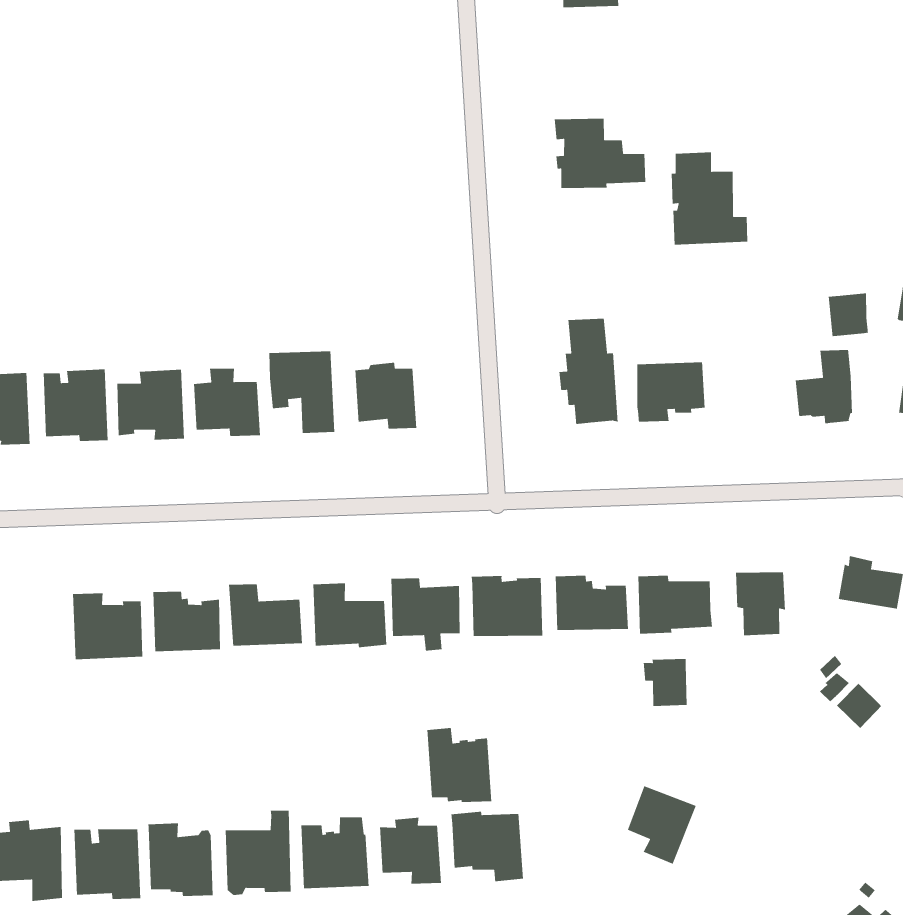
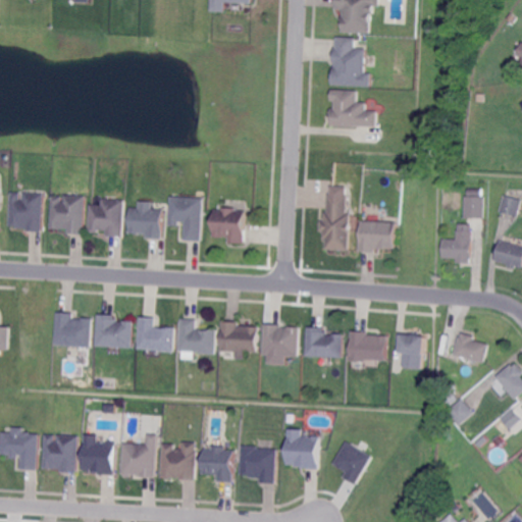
building: [671,151,748,245] -> [329,38,369,88]
building: [643,658,687,707] -> none
building: [426,727,492,803] -> [285,428,318,469]

